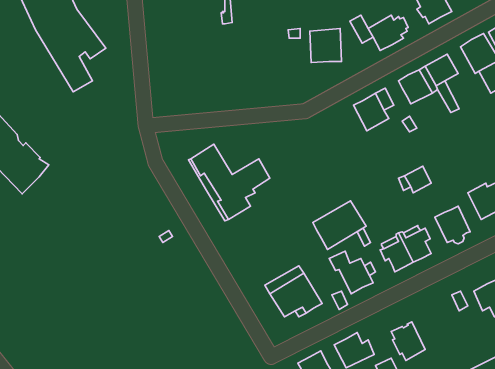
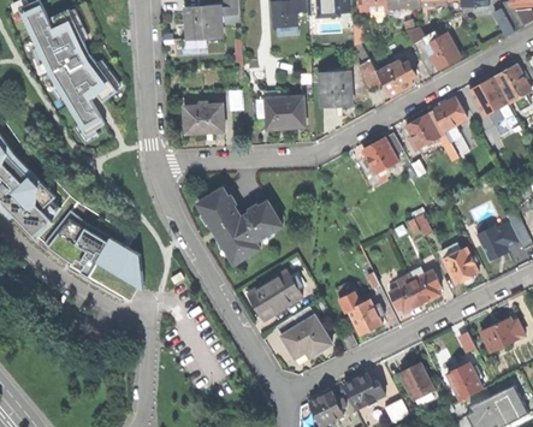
building: none -> [263,96,303,129]
building: none -> [184,105,223,132]
building: none -> [43,209,142,301]
building: [313,201,366,249] -> [250,271,303,319]
building: none -> [446,363,481,398]

